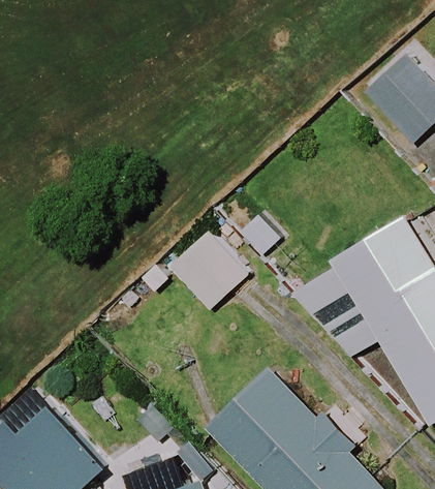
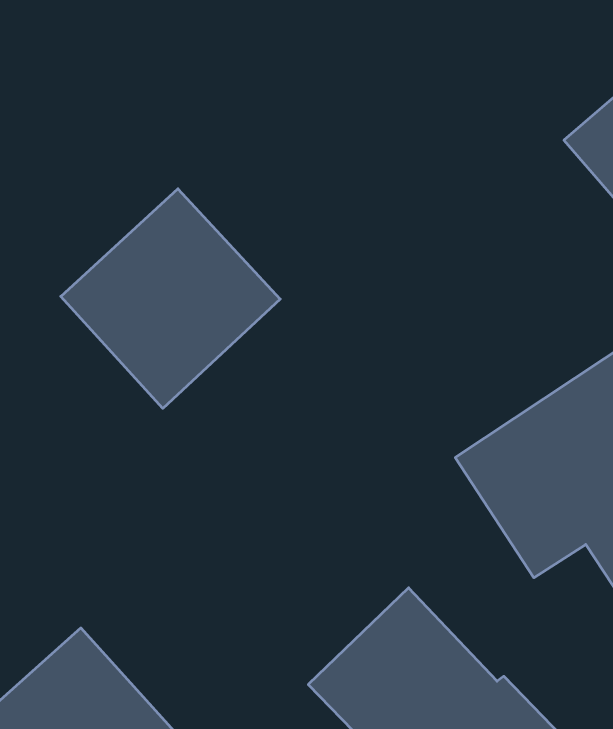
building: none -> [61,189,280,408]
building: [167,228,250,311] -> none

